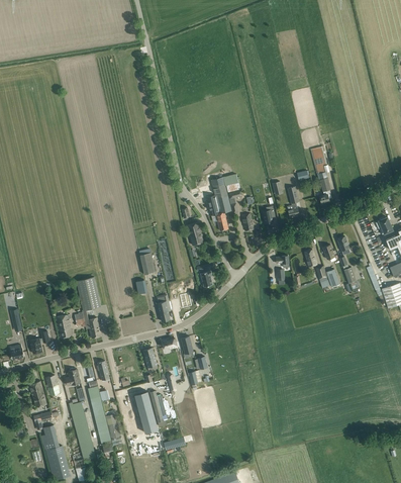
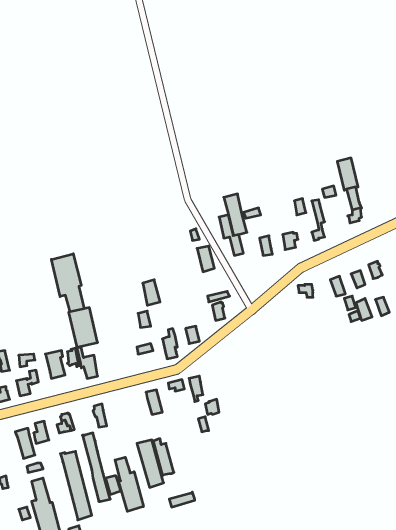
building: none -> [51,254,84,312]
building: none -> [115,457,143,511]

